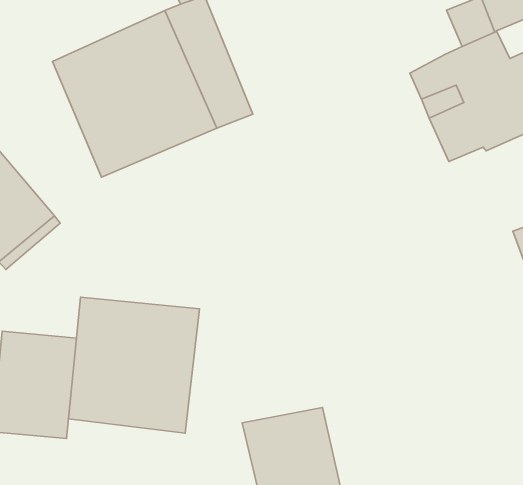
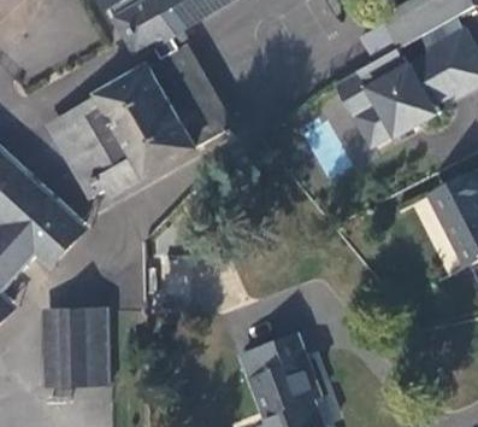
building: none -> [53,107,117,194]
building: [69,297,199,433] -> none

